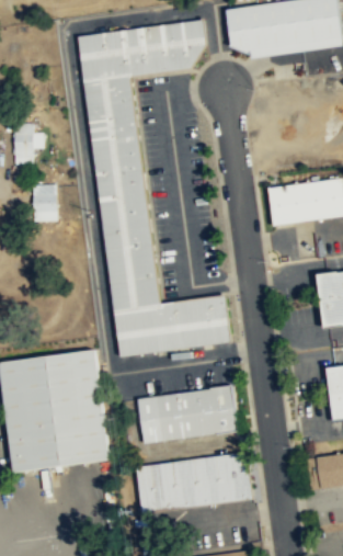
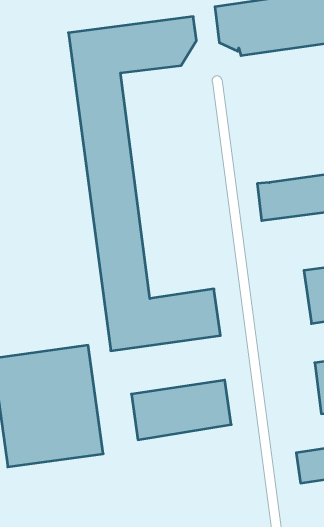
building: [14,123,45,164] -> none
building: [36,185,59,222] -> none
building: [136,452,254,515] -> none

